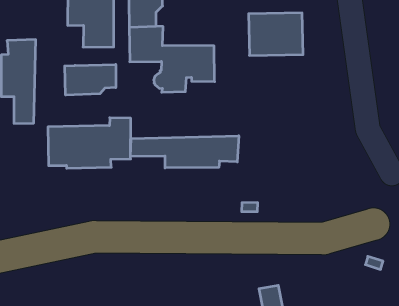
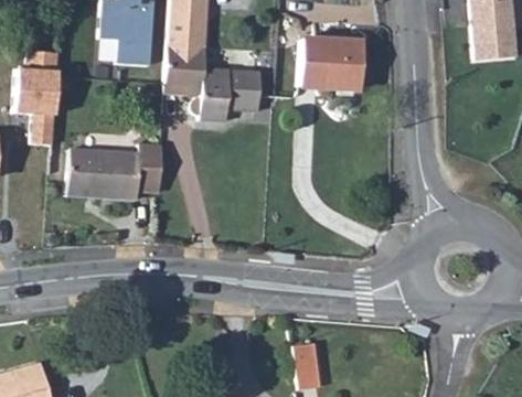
building: [65,64,116,95] -> none
building: [131,136,239,168] -> none

